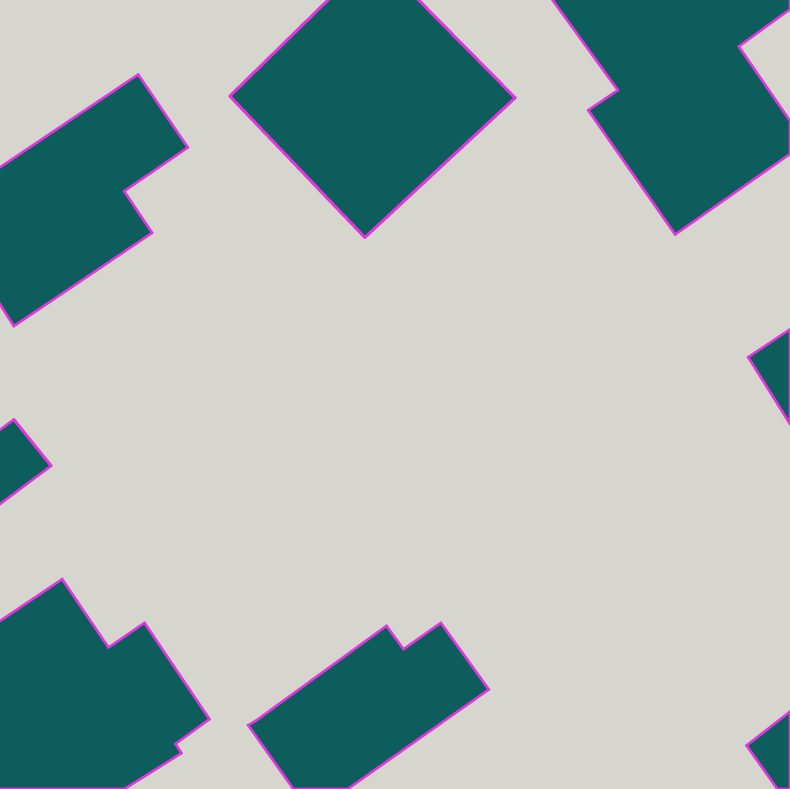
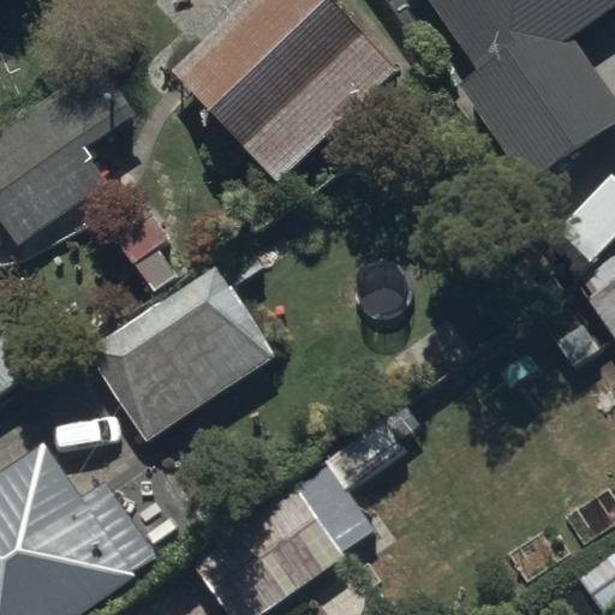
building: none -> [84,233,281,442]

